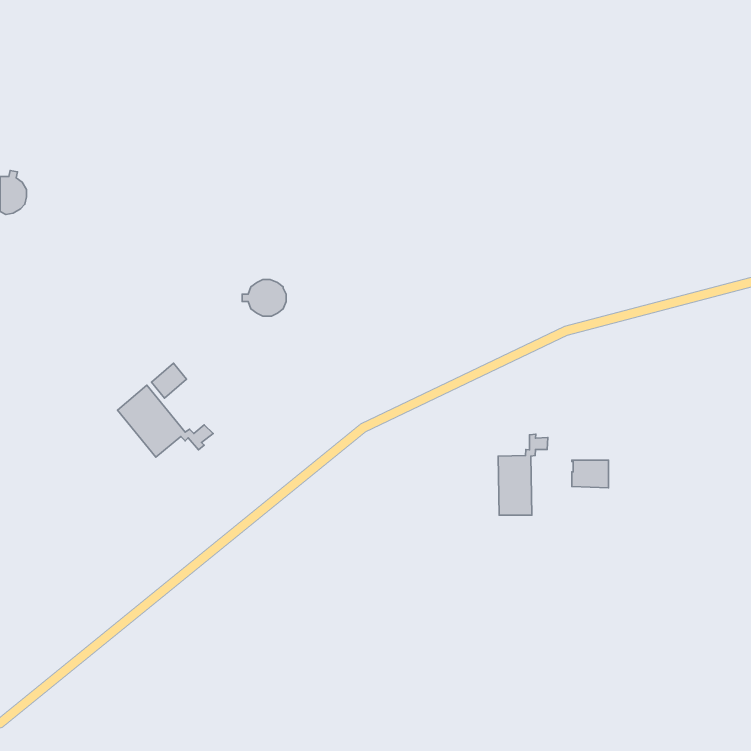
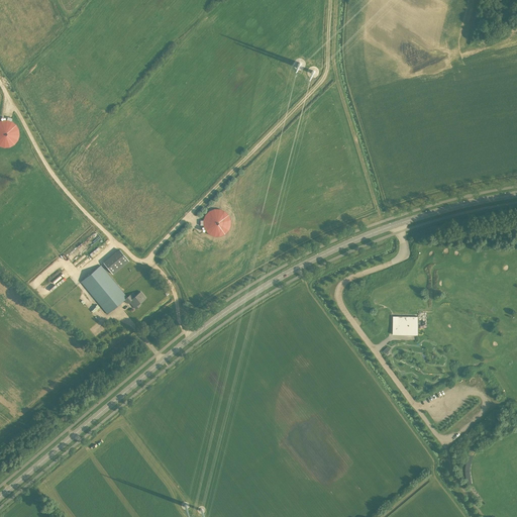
building: [242,279,286,316] -> [200,210,230,235]
building: [498,434,548,515] -> none

